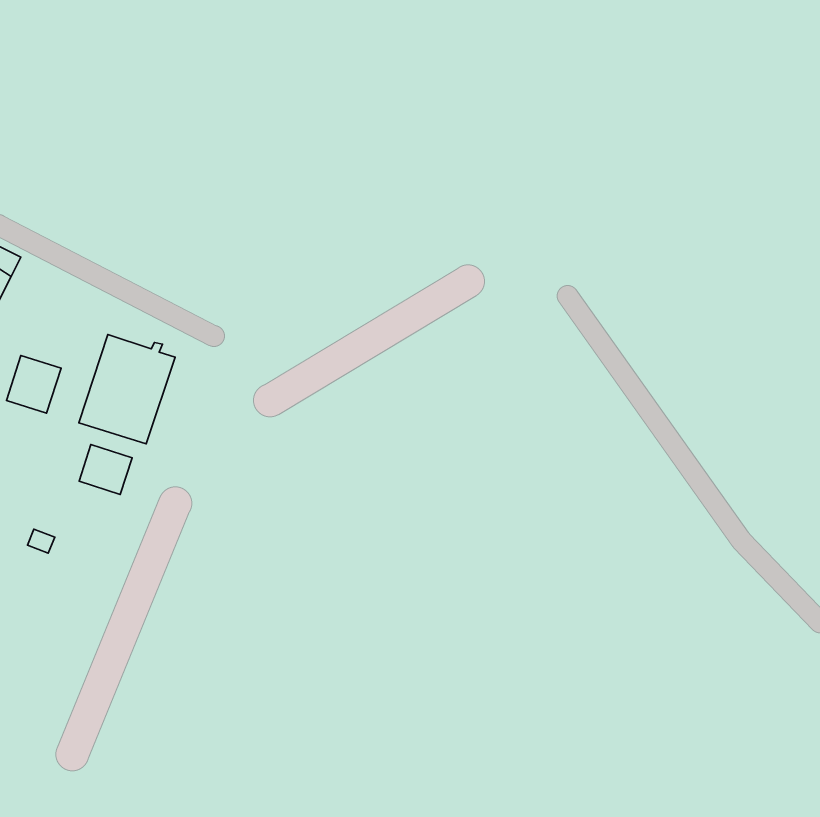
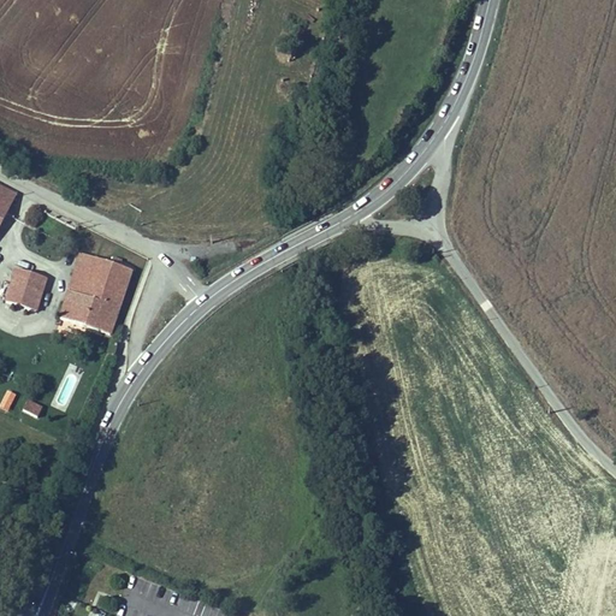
building: [79,444,132,495] -> none

